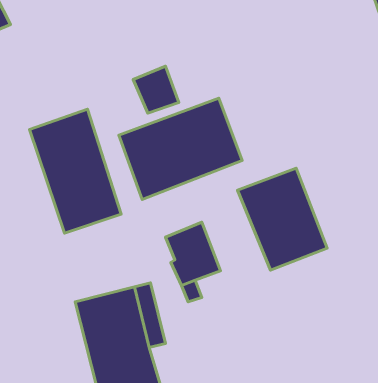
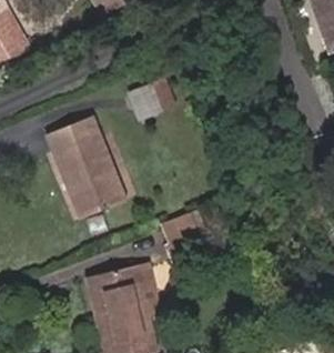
building: [119,98,242,200] -> none
building: [238,168,327,270] -> none

